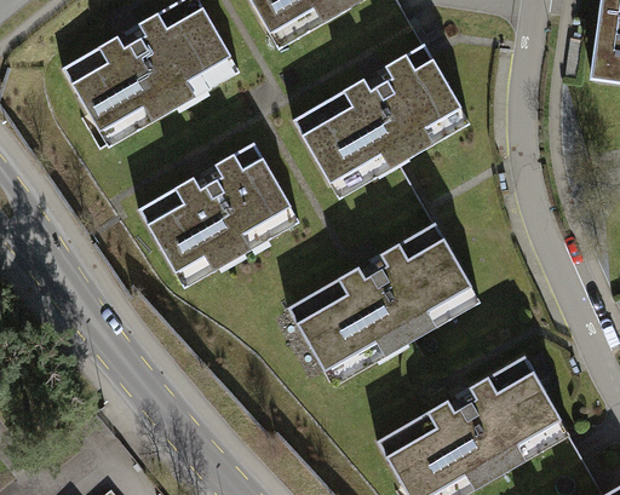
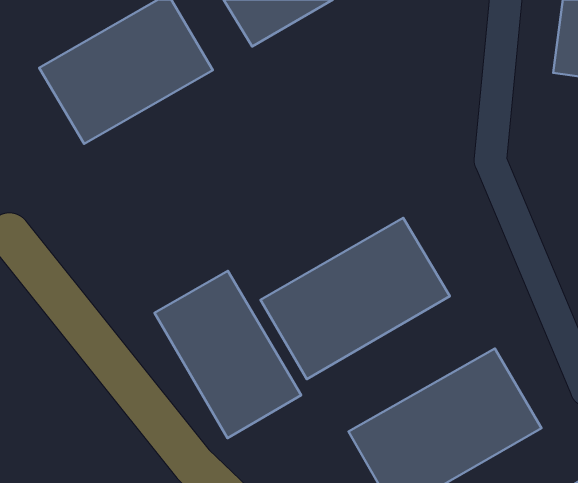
building: [294,45,471,201] -> none
building: [139,142,305,292] -> none
building: none -> [155,271,301,438]

